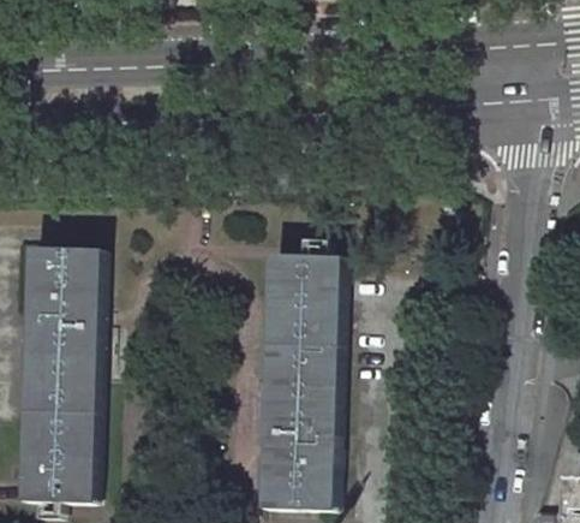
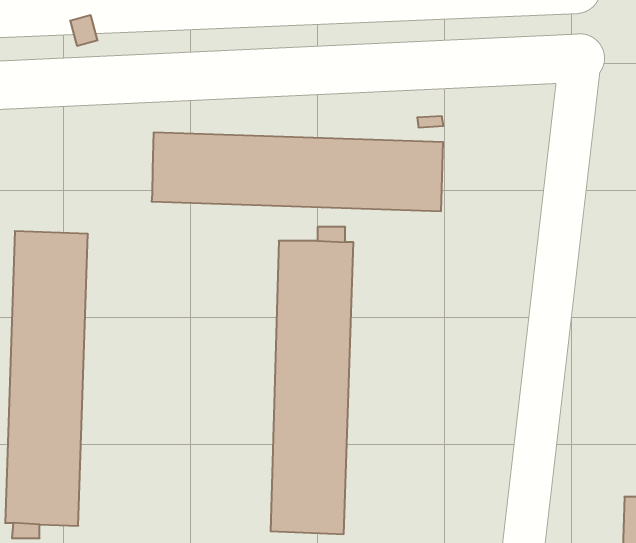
building: none -> [152,132,443,211]

